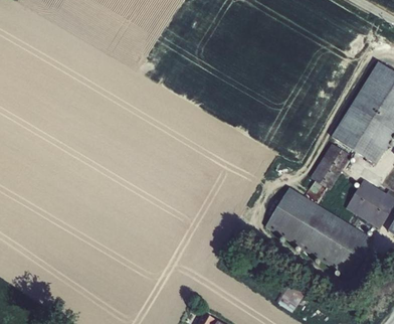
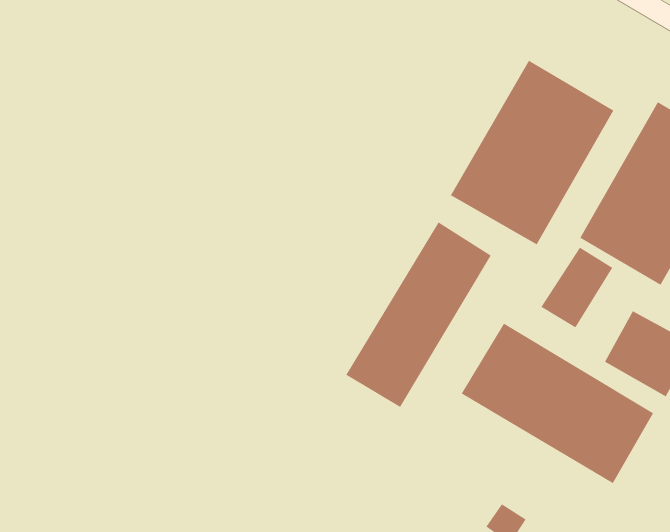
building: none -> [450,60,614,245]
building: none -> [345,222,492,408]

